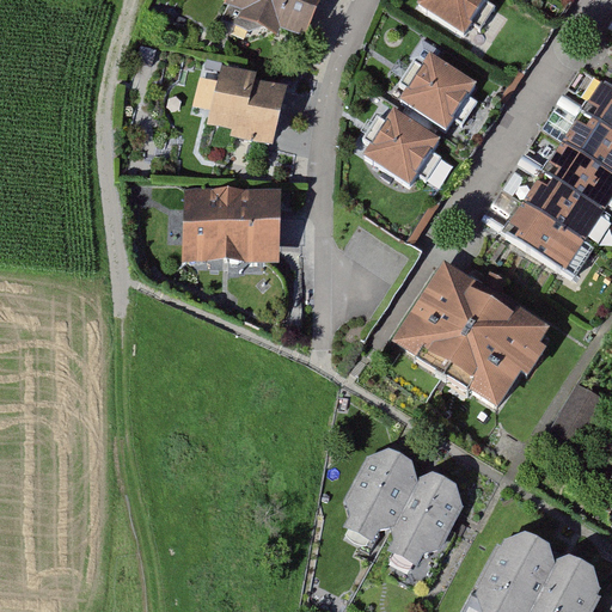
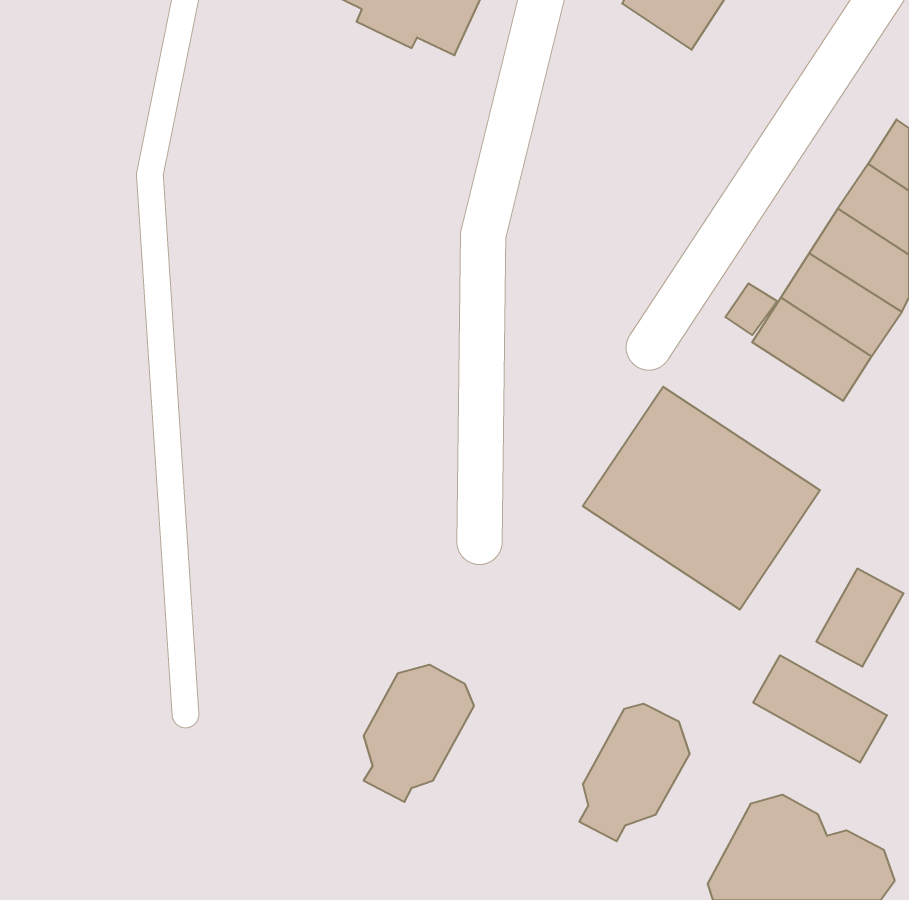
building: [398,51,477,129] -> none
building: [196,63,287,146] -> none
building: [363,108,440,184] -> none
building: [182,186,281,261] -> none
building: none -> [753,655,887,763]
building: [344,448,418,540] -> [364,665,474,802]

